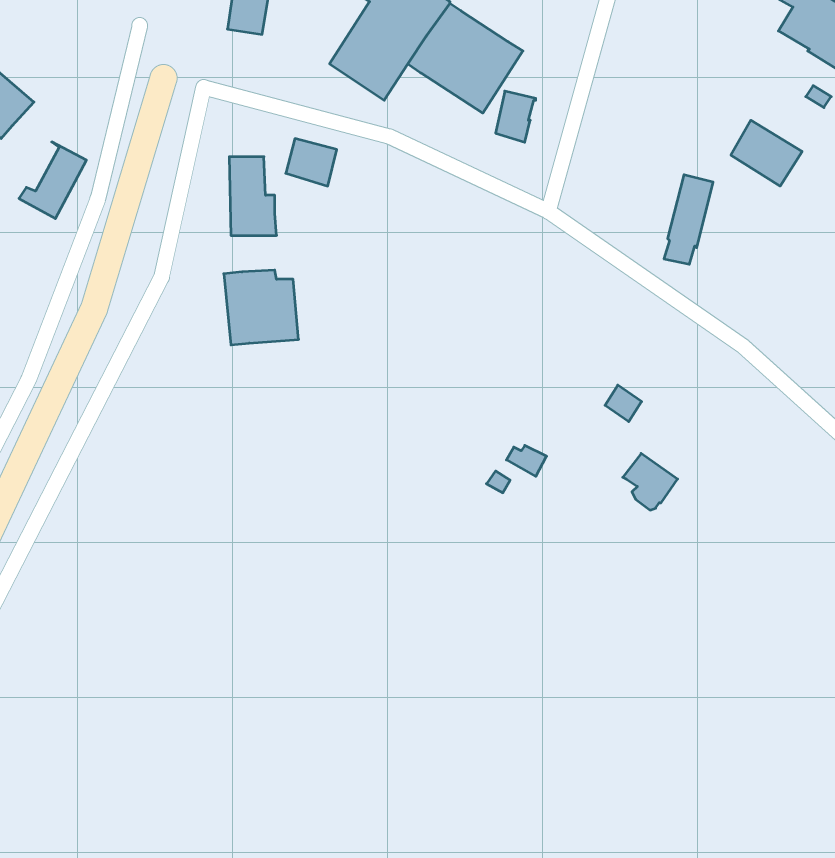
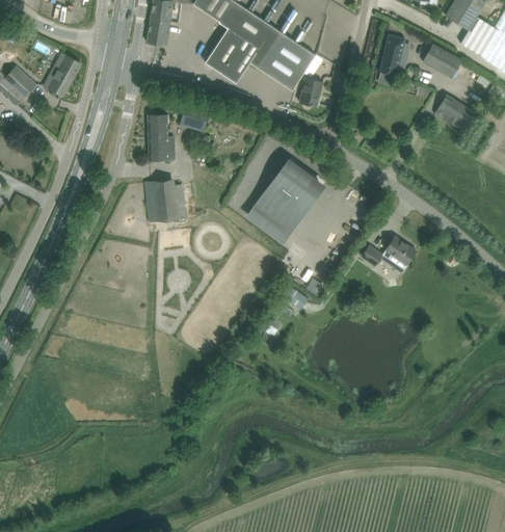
building: none -> [422,44,461,78]
building: [19,142,86,219] -> [43,52,81,96]
building: [664,175,713,264] -> [377,34,405,85]
building: none -> [246,164,320,243]
building: [623,453,678,510] -> [384,236,416,268]

